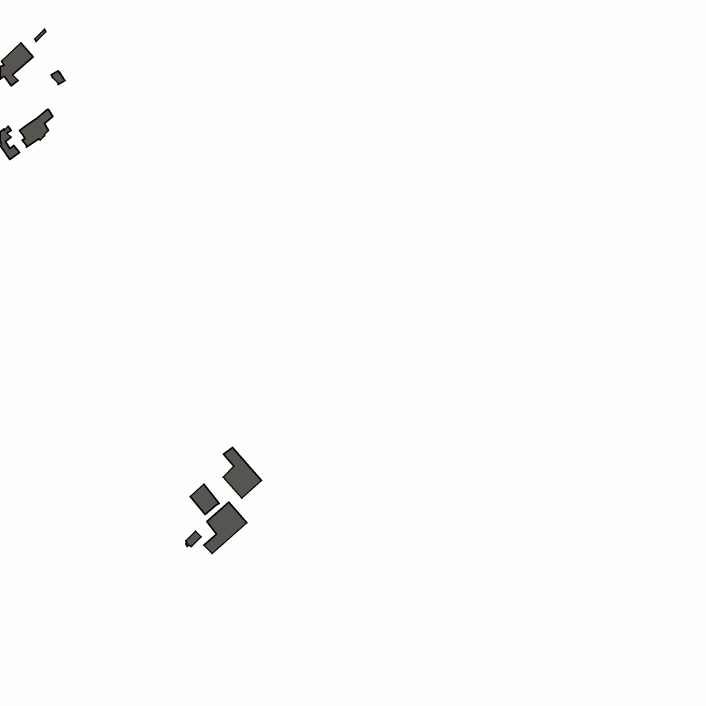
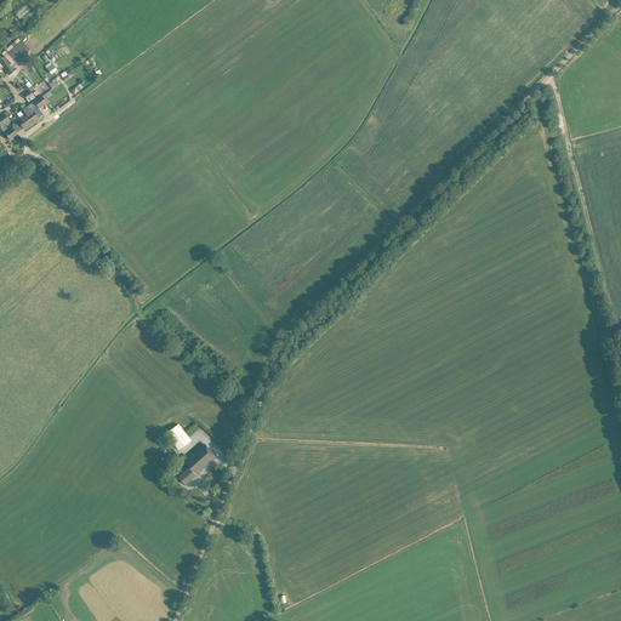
building: [223,447,262,498] -> none

